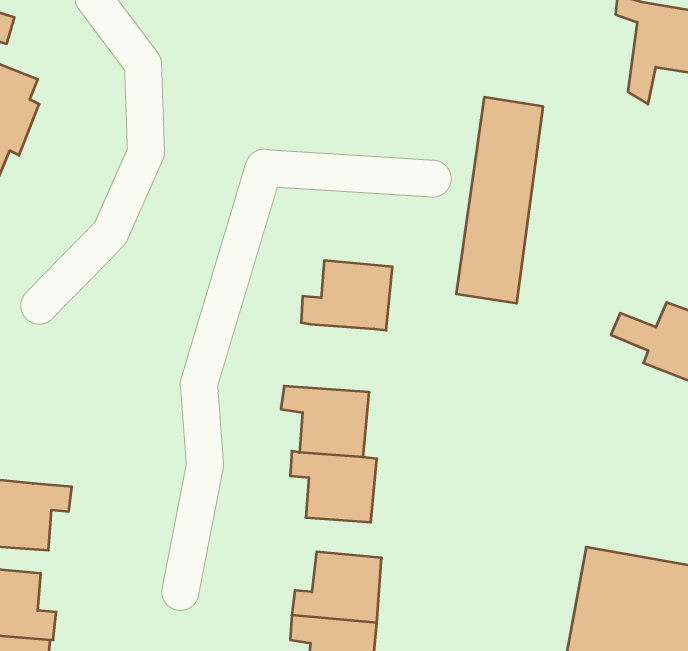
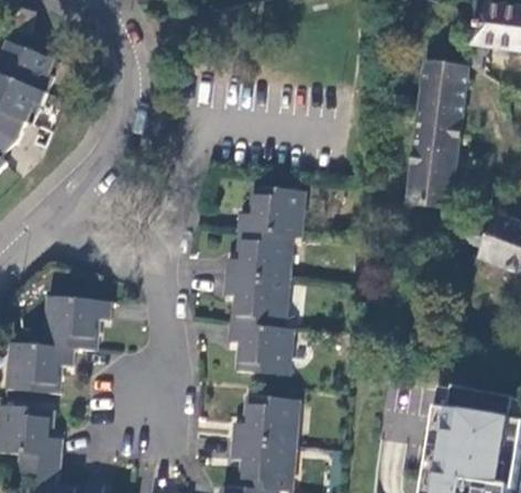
building: [456,97,543,303] -> [406,64,467,210]
building: none -> [224,231,288,280]
building: none -> [46,296,110,349]

